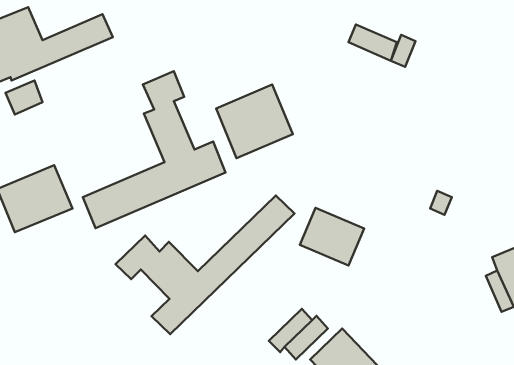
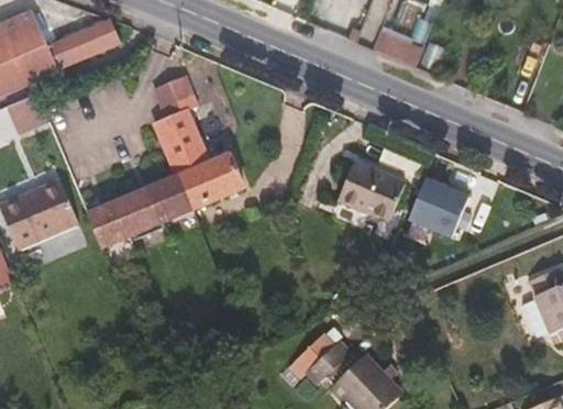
building: [216,84,293,158] -> none
building: none -> [409,174,470,232]
building: [115,196,295,334] -> none
building: [300,208,364,266] -> [338,162,406,223]

